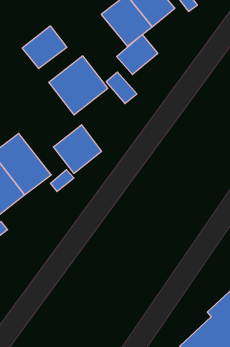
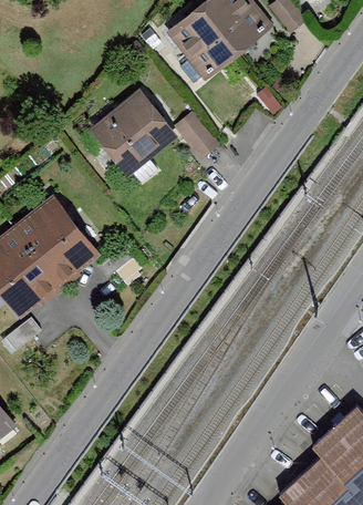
building: [22,26,67,69] -> none
building: [117,35,158,75] -> none
building: [53,125,102,173] -> none

